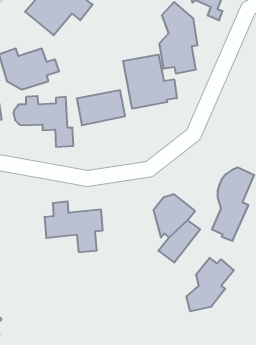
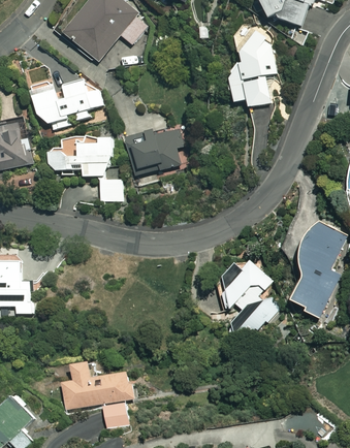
building: [123,55,177,109] -> none
building: [44,201,103,252] -> [62,362,134,425]
building: [187,258,234,311] -> none

